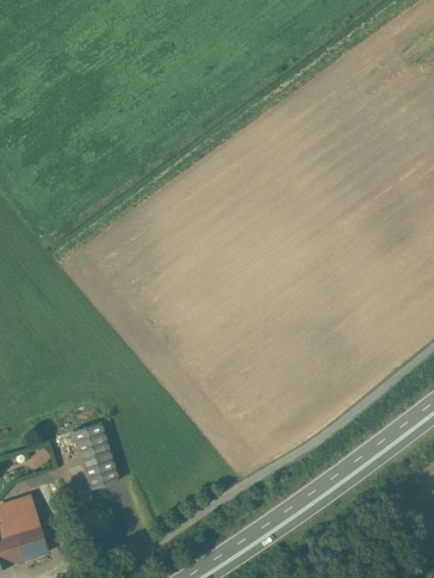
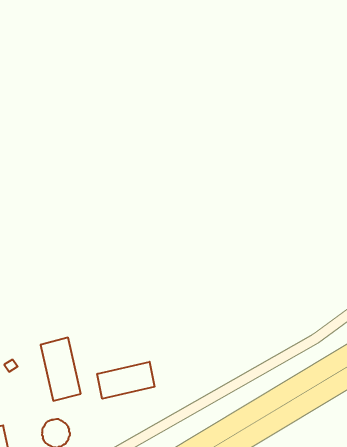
building: none -> [97,362,155,399]

